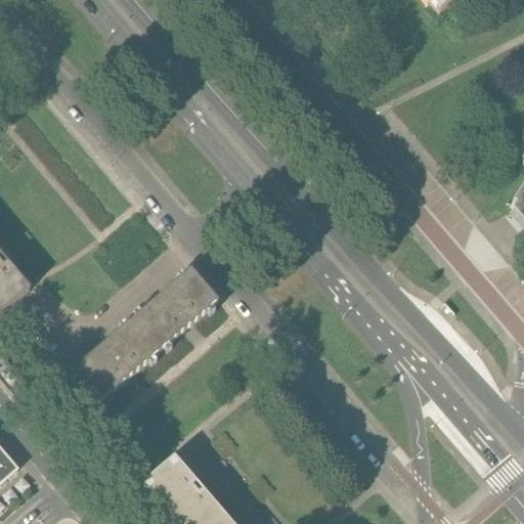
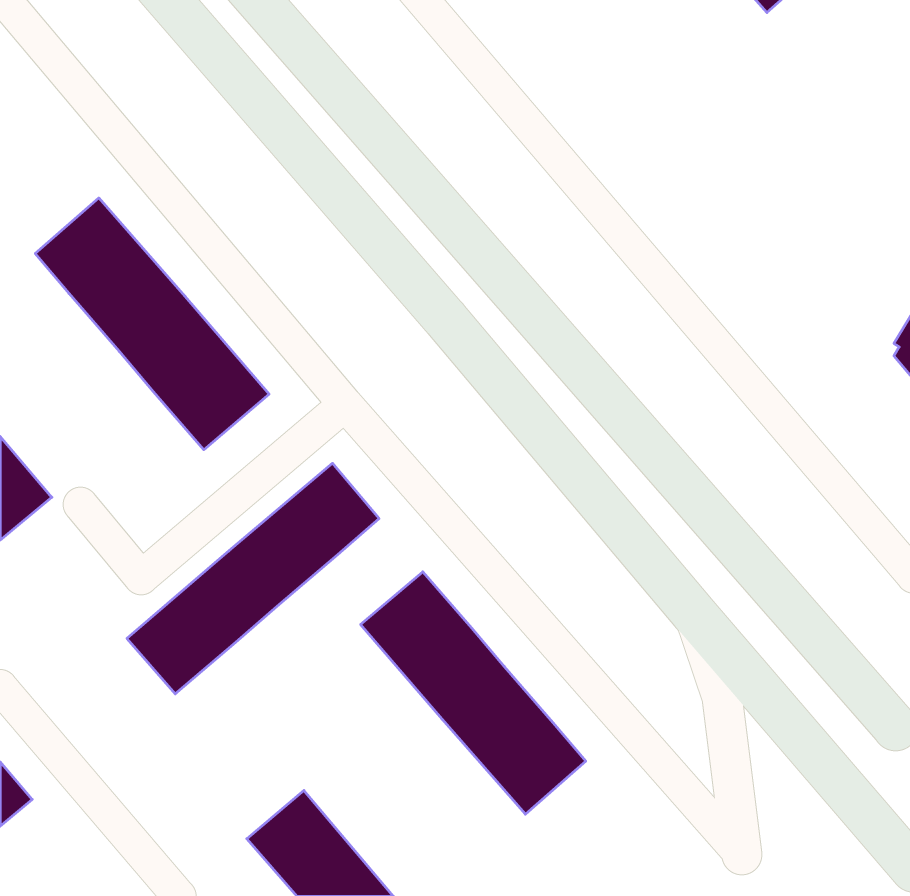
building: none -> [35,198,269,450]
building: none -> [361,572,586,814]

